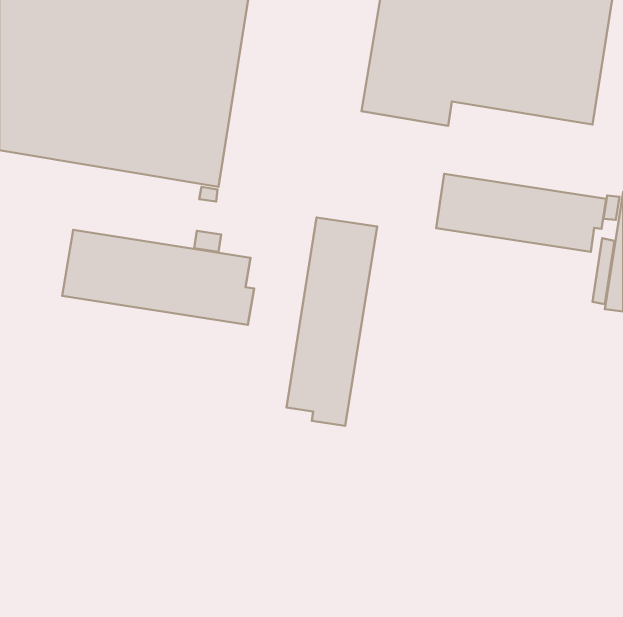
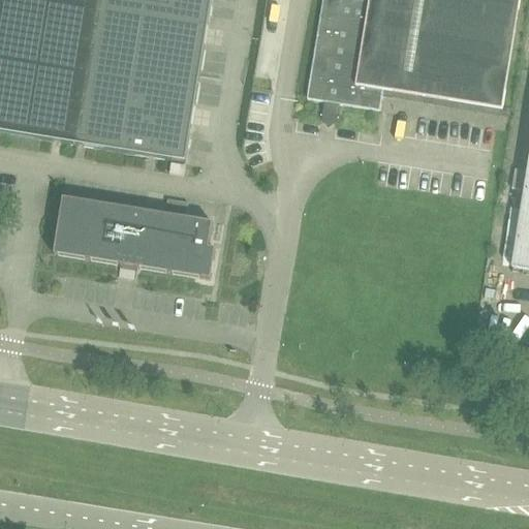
building: [436,174,606,252] -> none
building: [286,217,377,426] -> none

